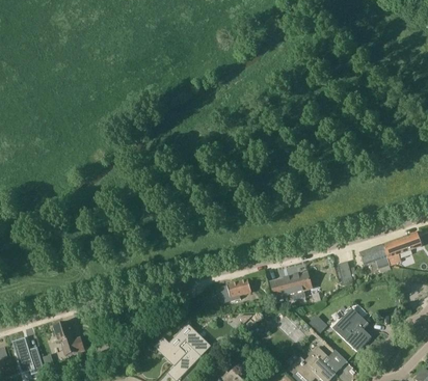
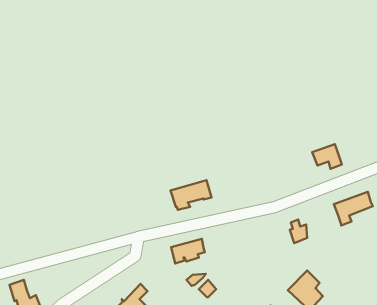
building: [359,243,390,268] -> [312,144,342,169]
building: [270,271,312,301] -> [171,180,212,210]

